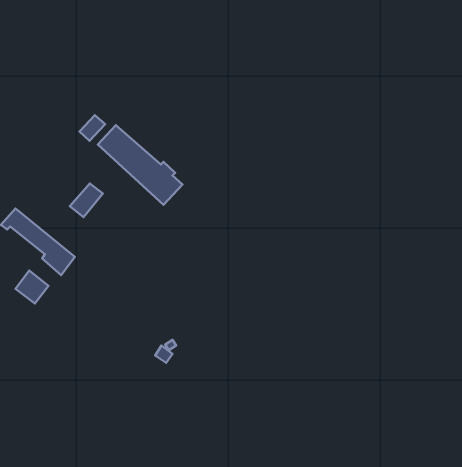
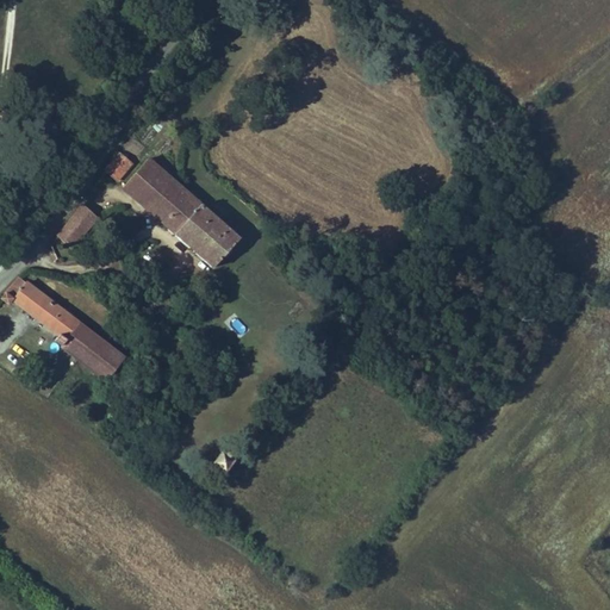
building: [70,183,103,217] -> [51,207,94,251]
building: [16,270,48,303] -> [80,335,123,378]

